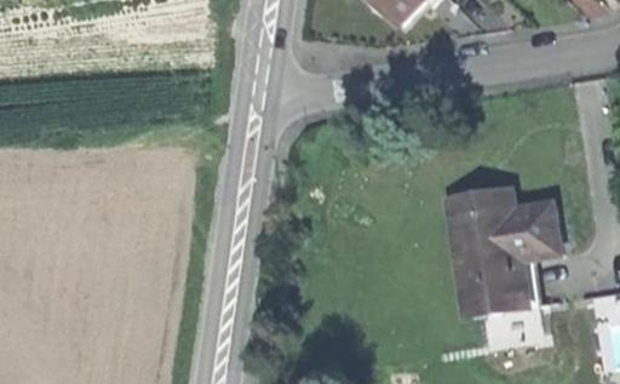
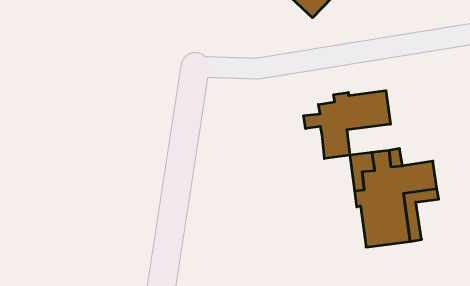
building: none -> [304,91,390,159]

